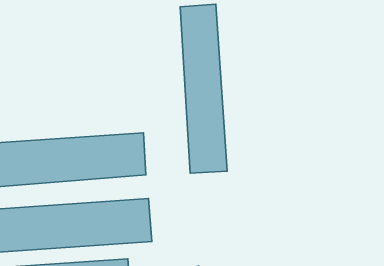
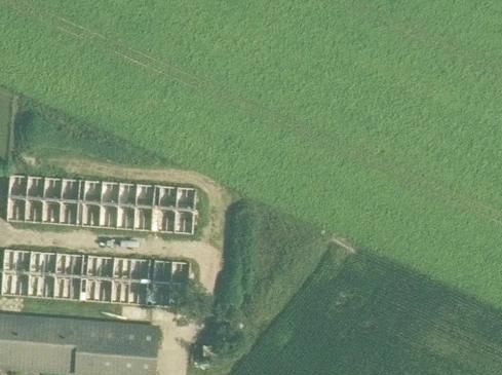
building: [180,4,227,173] -> none

